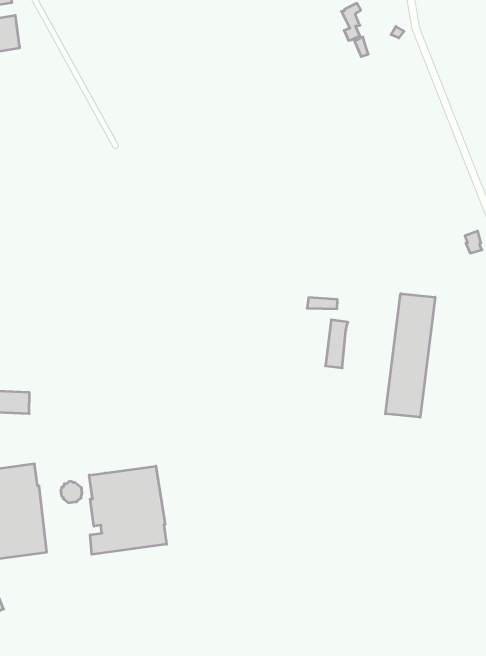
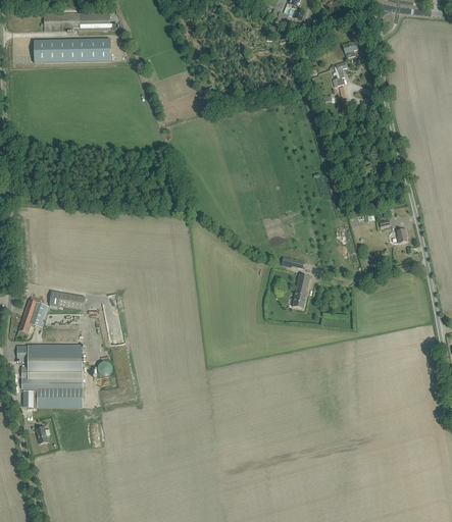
building: [385,294,435,417] -> none
building: [89,466,167,554] -> none

